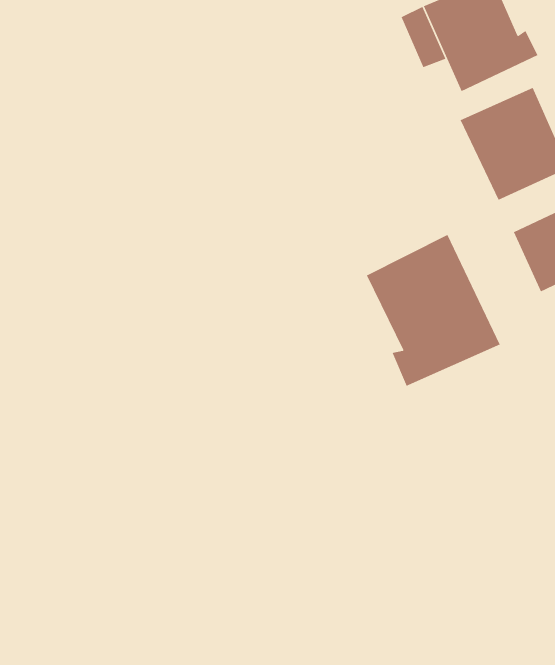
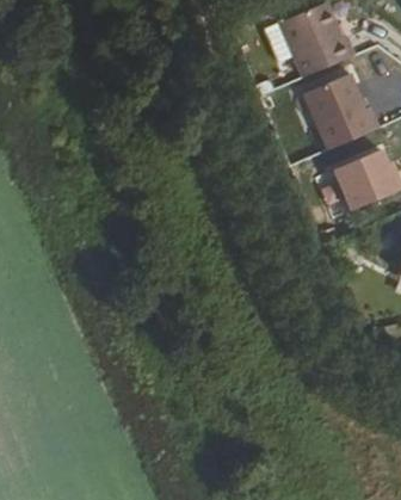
building: [366,234,501,387] -> none

